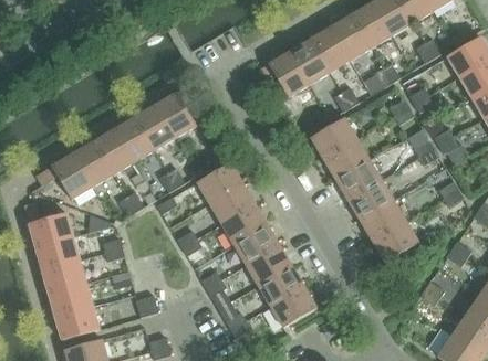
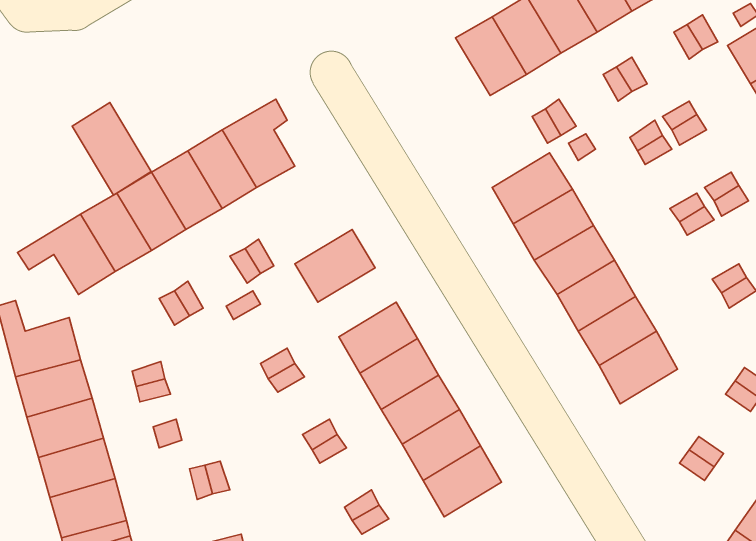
building: [259,51,309,96] -> none
building: none -> [72,103,151,195]
building: [209,183,255,223] -> none

